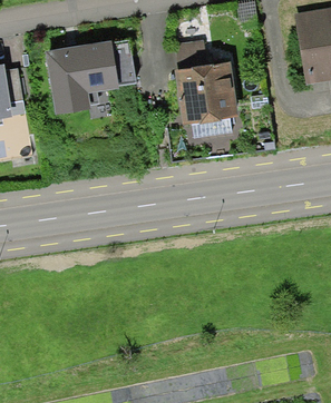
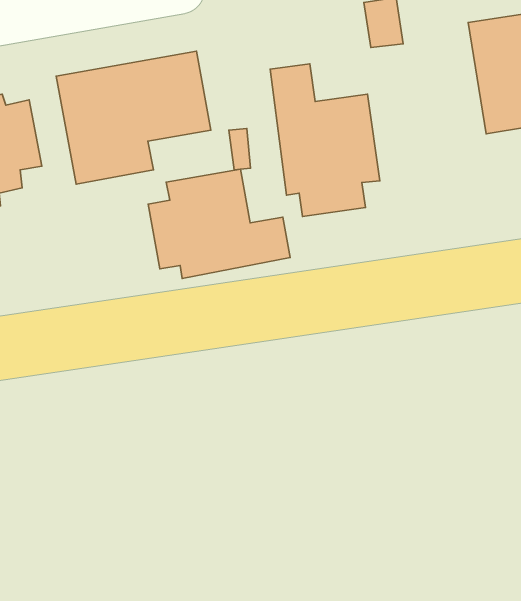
building: none -> [148,169,290,278]

